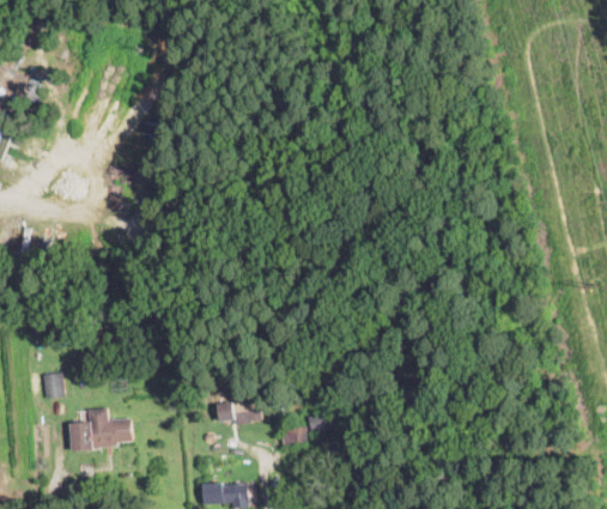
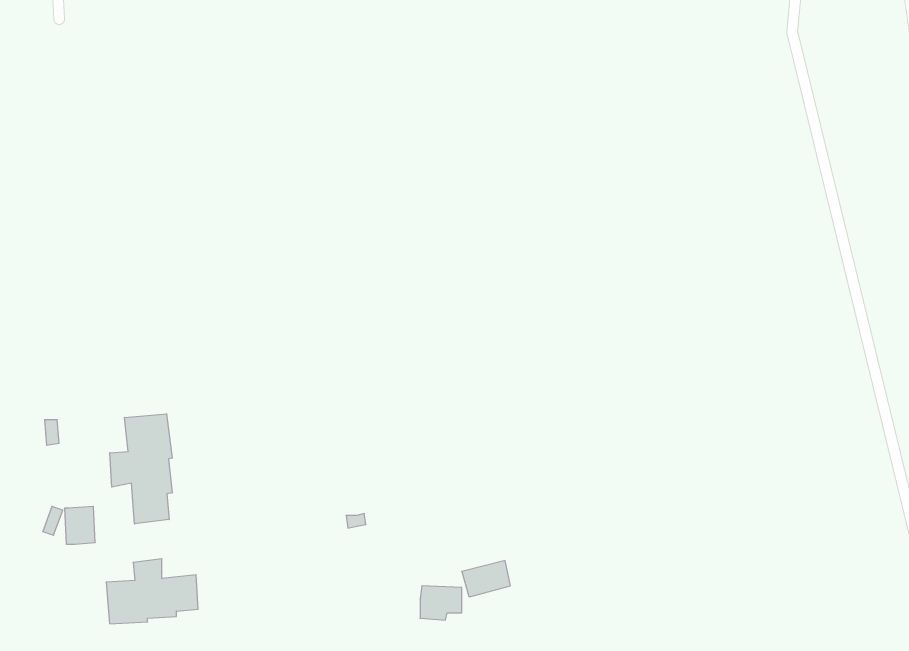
building: none -> [110,414,172,524]
building: [218,401,261,425] -> none

